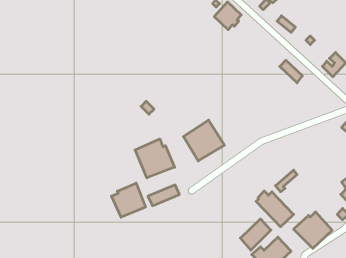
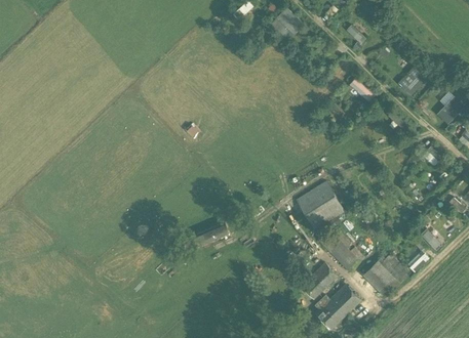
building: [183,120,224,161] -> [297,180,345,228]
building: [135,139,175,178] -> none
building: [111,183,146,217] -> none

